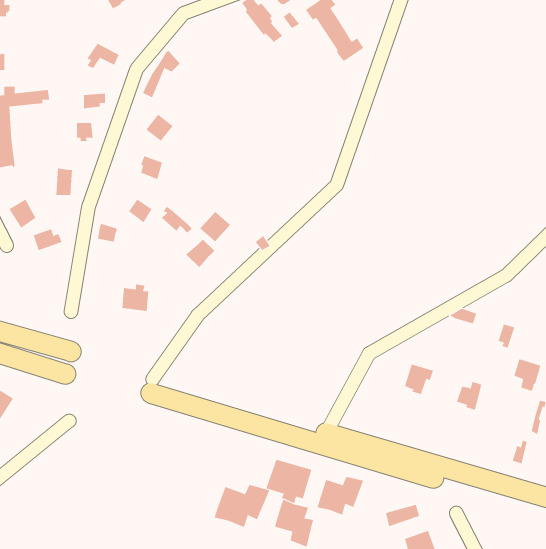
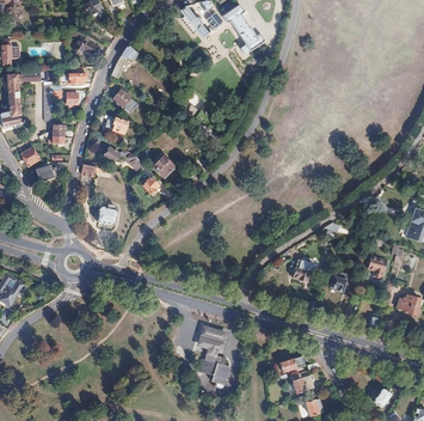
building: [317,476,364,515] -> none
building: [214,484,270,528] -> none

